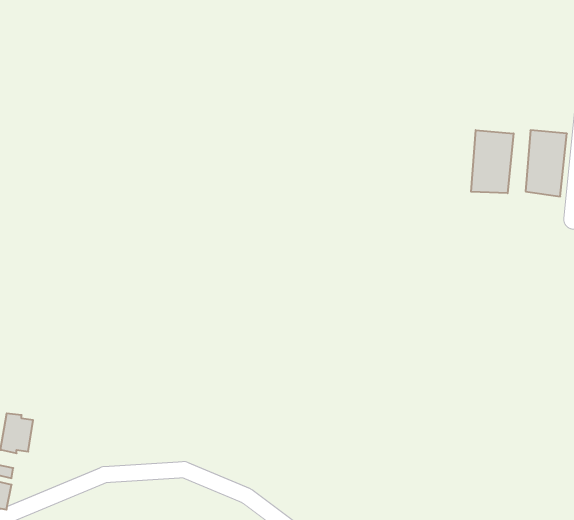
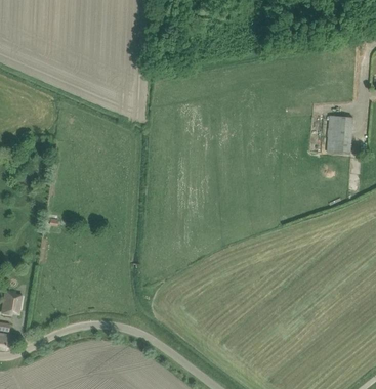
building: [471,130,514,193] -> none

